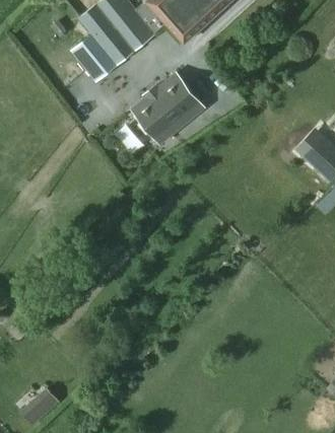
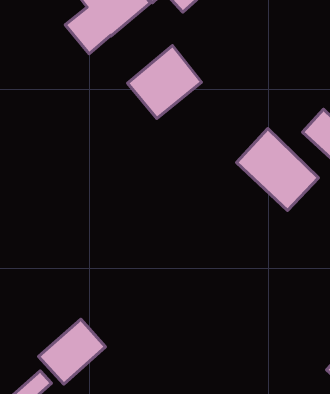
building: none -> [237,129,319,210]
building: none -> [39,319,105,384]

